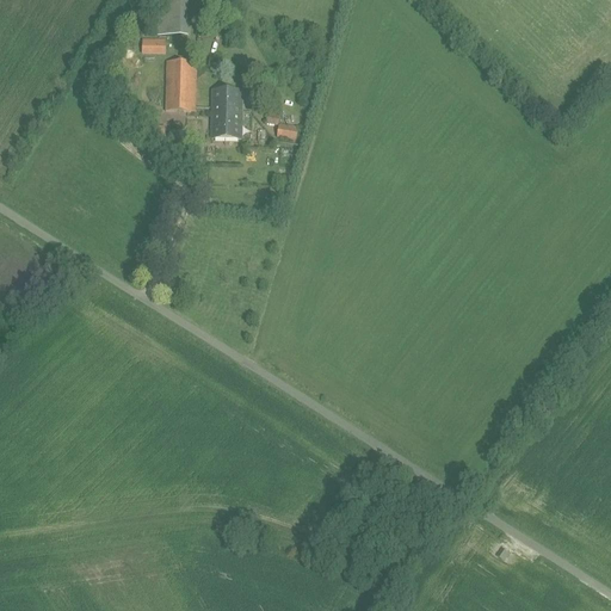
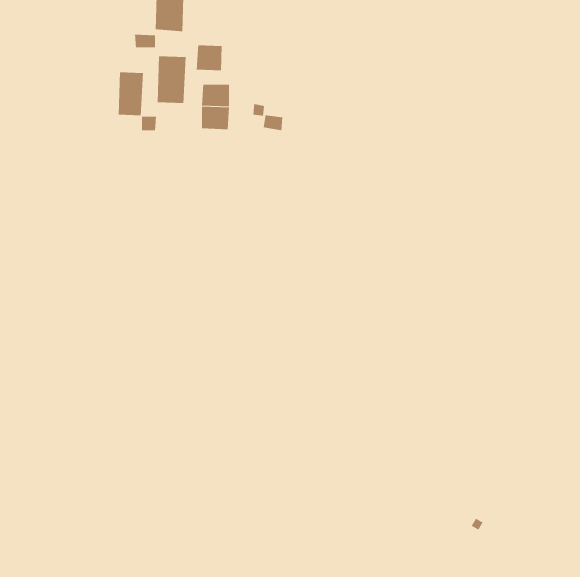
building: none -> [196,45,222,71]
building: none -> [118,72,143,116]

